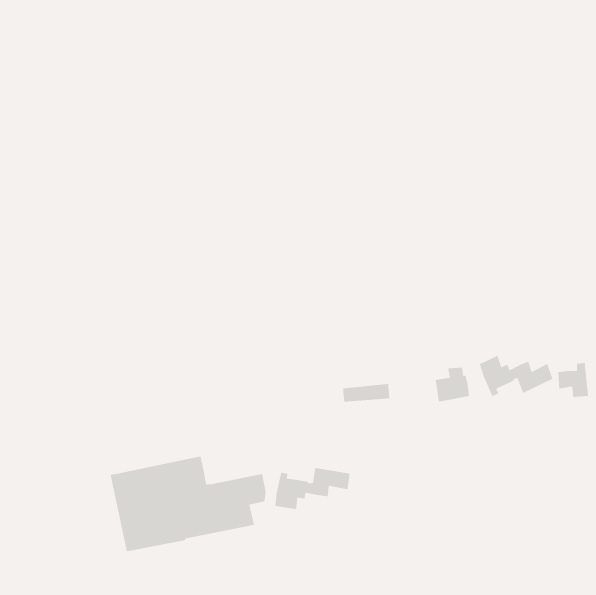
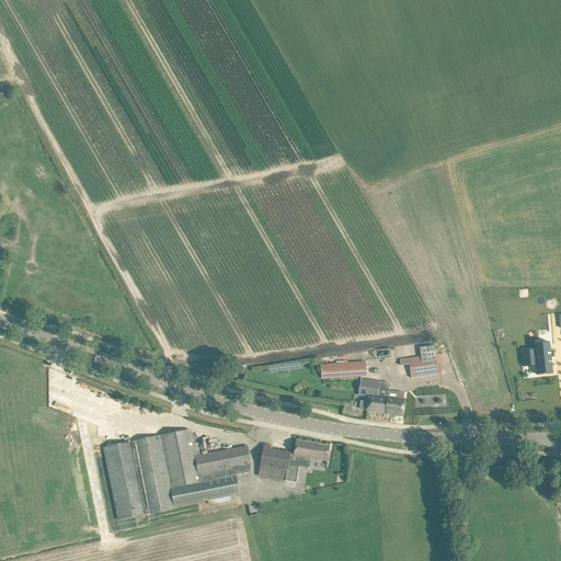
building: [479,355,553,397] -> none
building: none -> [357,378,403,413]

